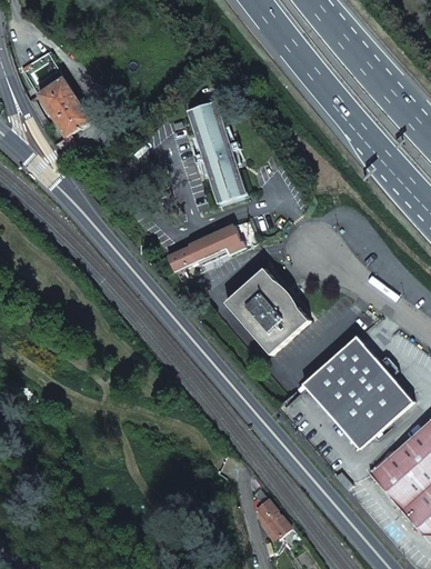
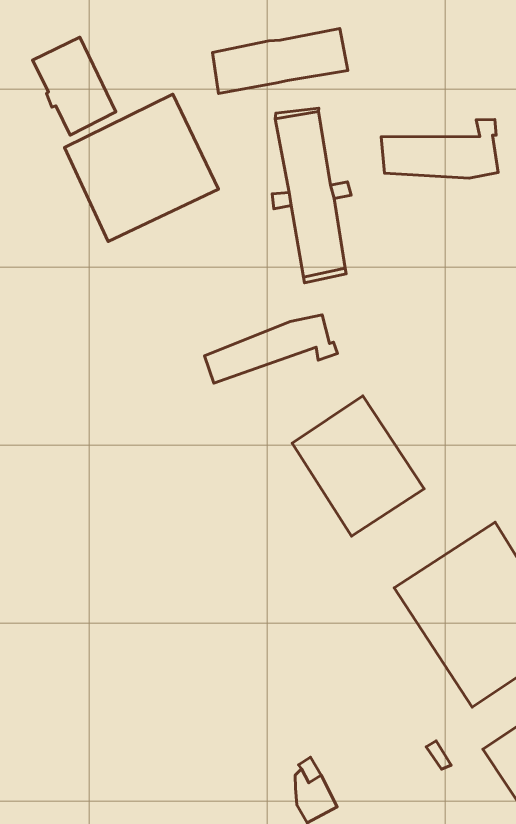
building: none -> [212,28,348,94]
building: none -> [381,120,498,178]
building: none -> [65,94,218,241]

